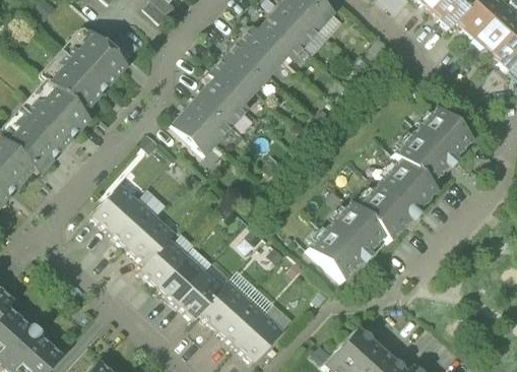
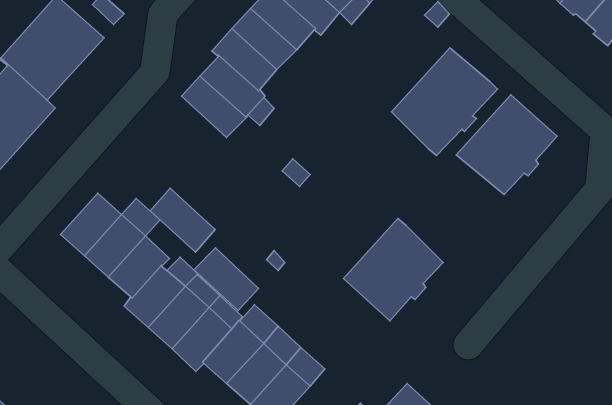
building: [170,109,219,158] -> [150,188,215,252]
building: [357,159,438,241] -> [391,48,498,156]
building: none -> [194,248,258,311]

